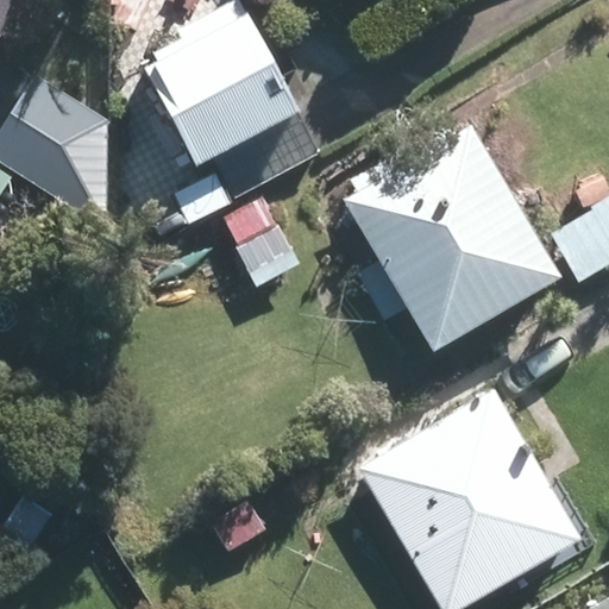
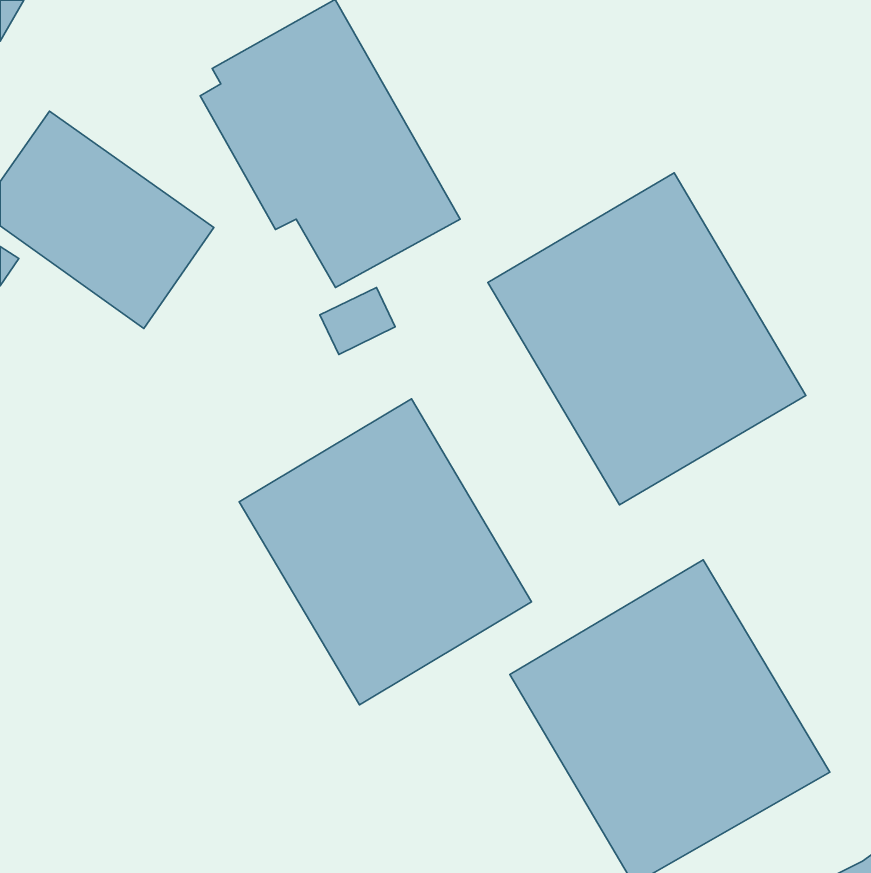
building: none -> [239,399,532,705]

